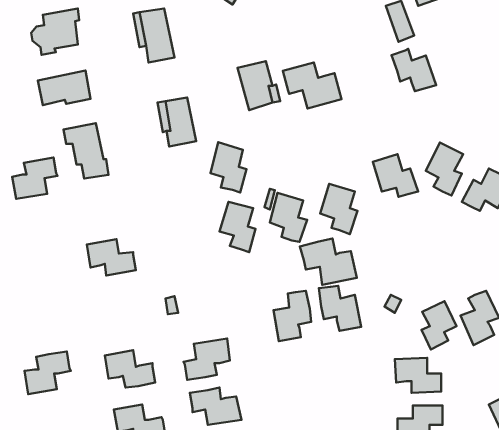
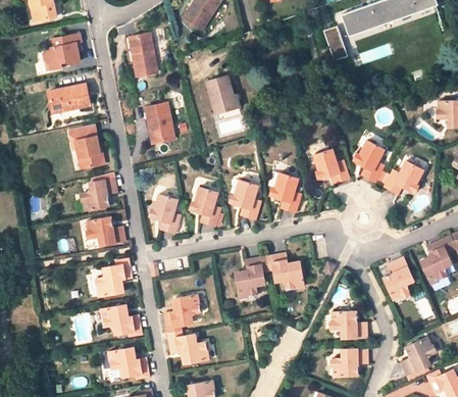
building: [391,49,436,91] -> none
building: [283,62,341,108] -> none
building: [210,142,247,193] -> [152,194,181,234]
building: [12,158,57,199] -> [82,178,117,210]
building: [300,239,357,285] -> none
building: [422,301,456,349] -> none
building: [24,352,71,394] -> [96,262,133,296]

